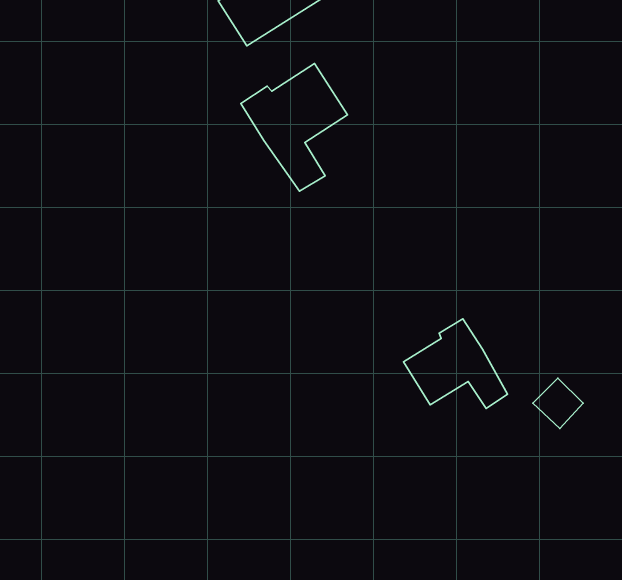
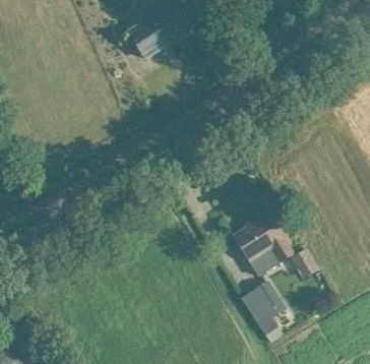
building: [241,63,348,191] -> none
building: none -> [241,281,296,342]

